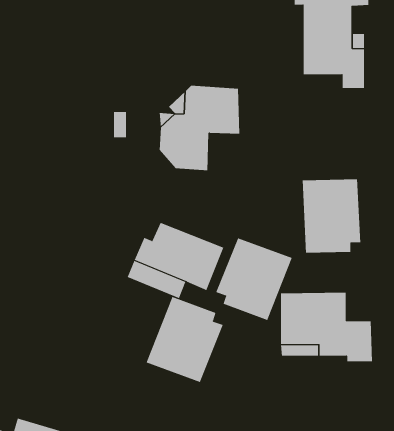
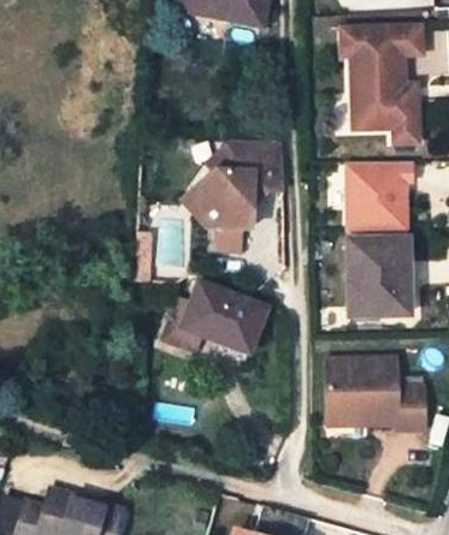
building: none -> [348,160,416,234]
building: [216,238,292,321] -> none
building: [146,296,223,383] -> none

